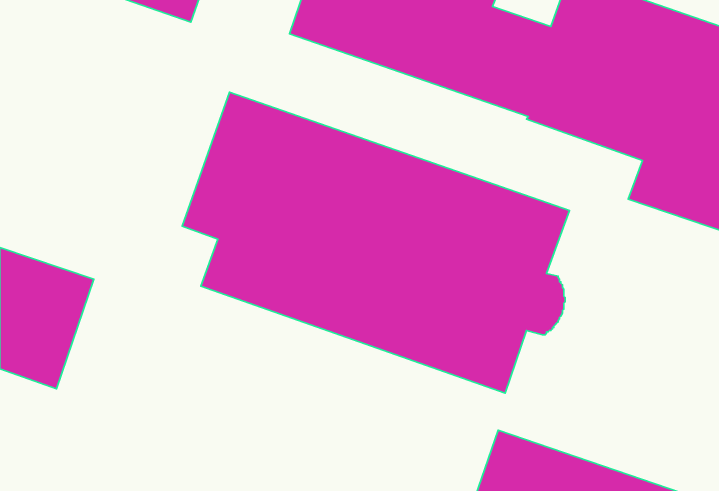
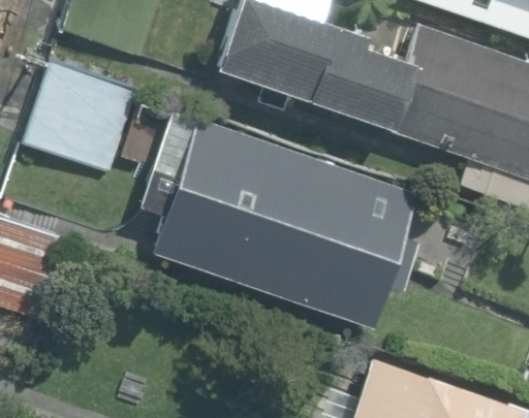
building: none -> [23,61,146,173]

